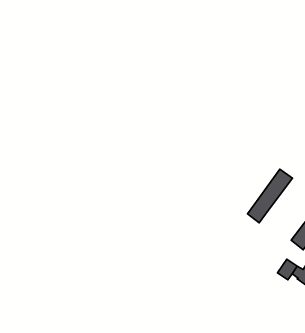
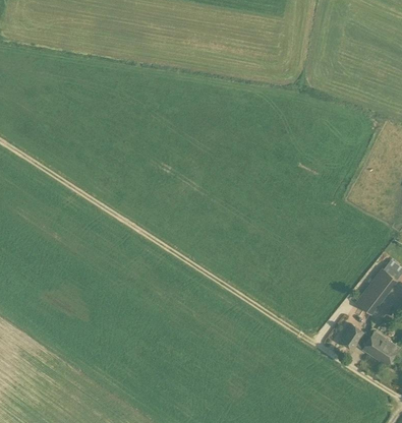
building: [247,169,292,223] -> none

